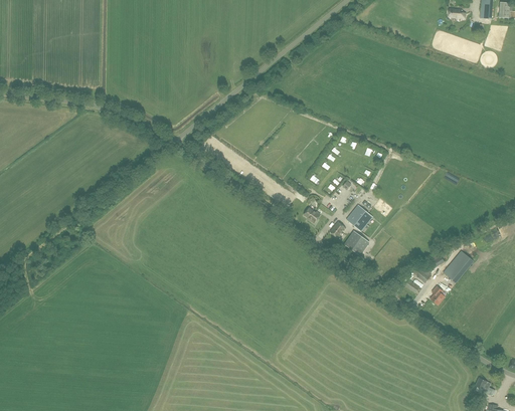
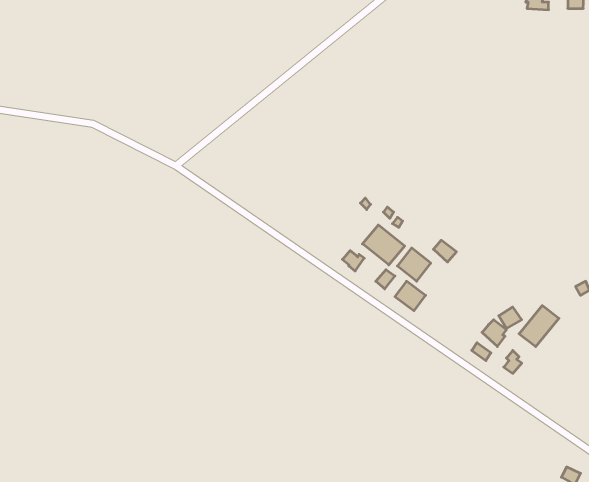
building: none -> [362,225,405,265]

